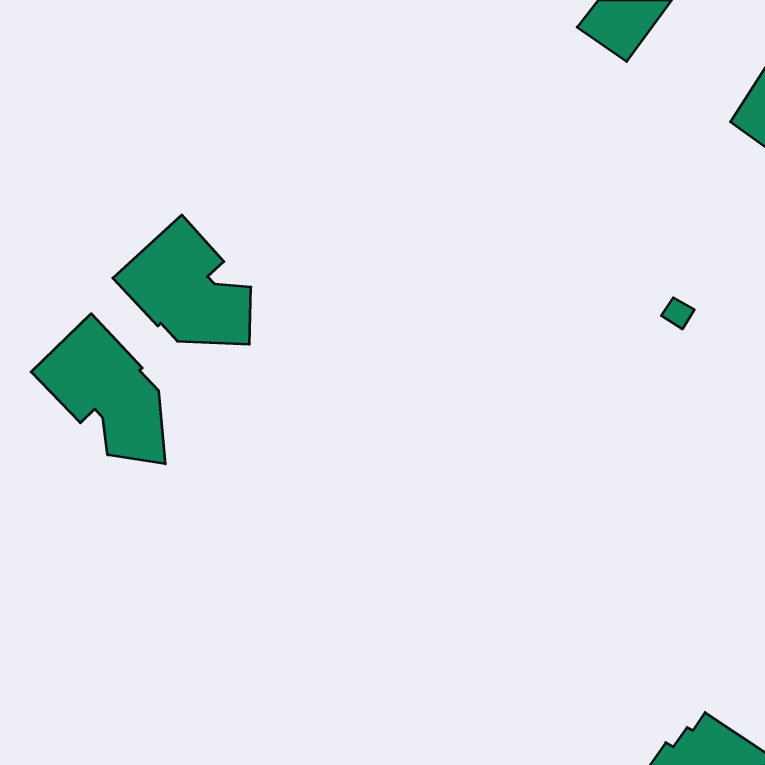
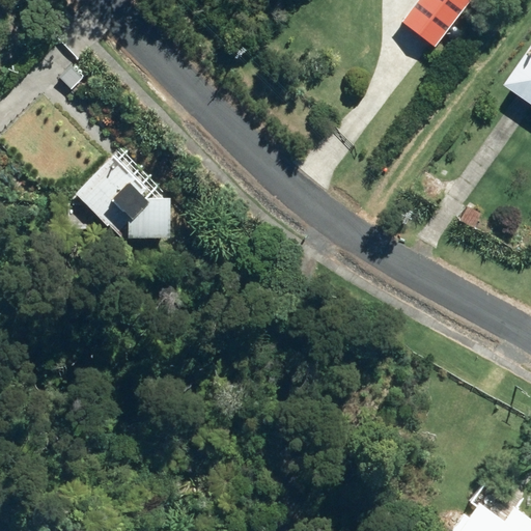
building: [31,314,165,464] -> none

